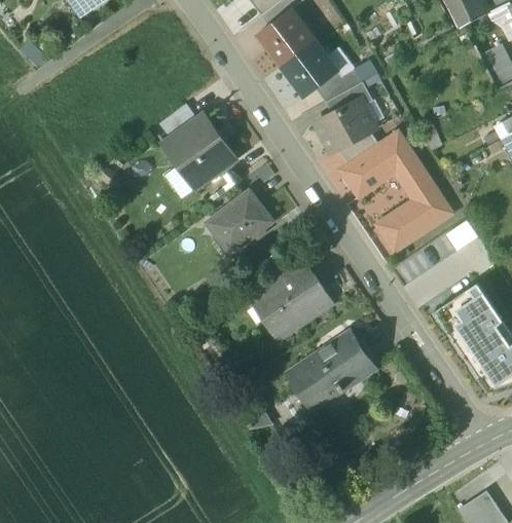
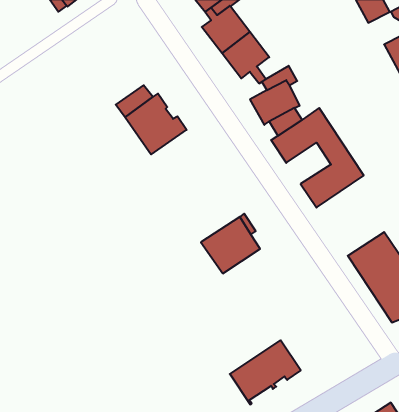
building: [324,70,363,98] -> none
building: [213,192,272,255] -> none
building: [289,332,375,410] -> [230,340,301,404]

